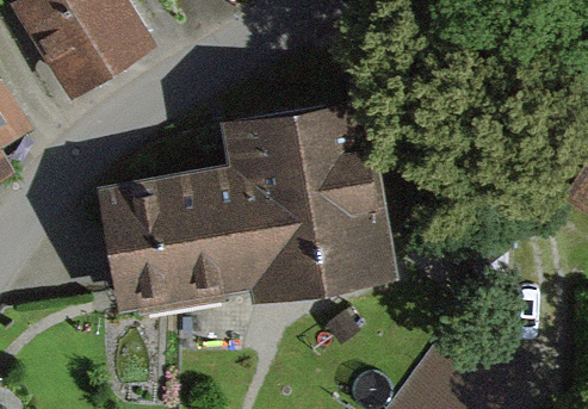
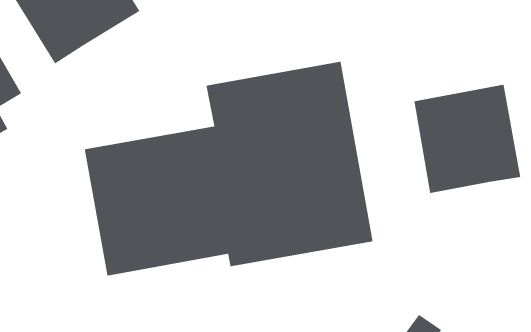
building: none -> [413,84,521,194]

